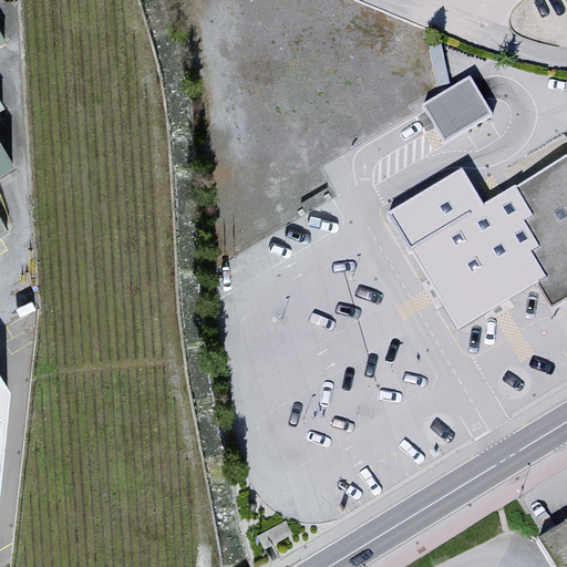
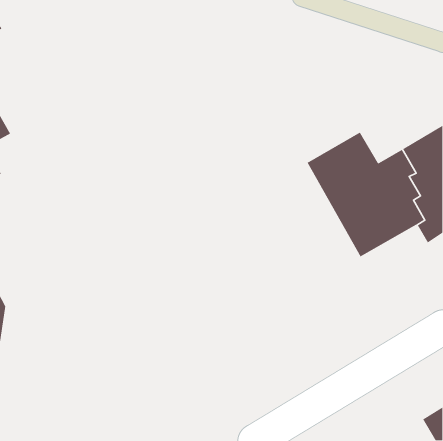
building: [421,73,486,136] -> none

